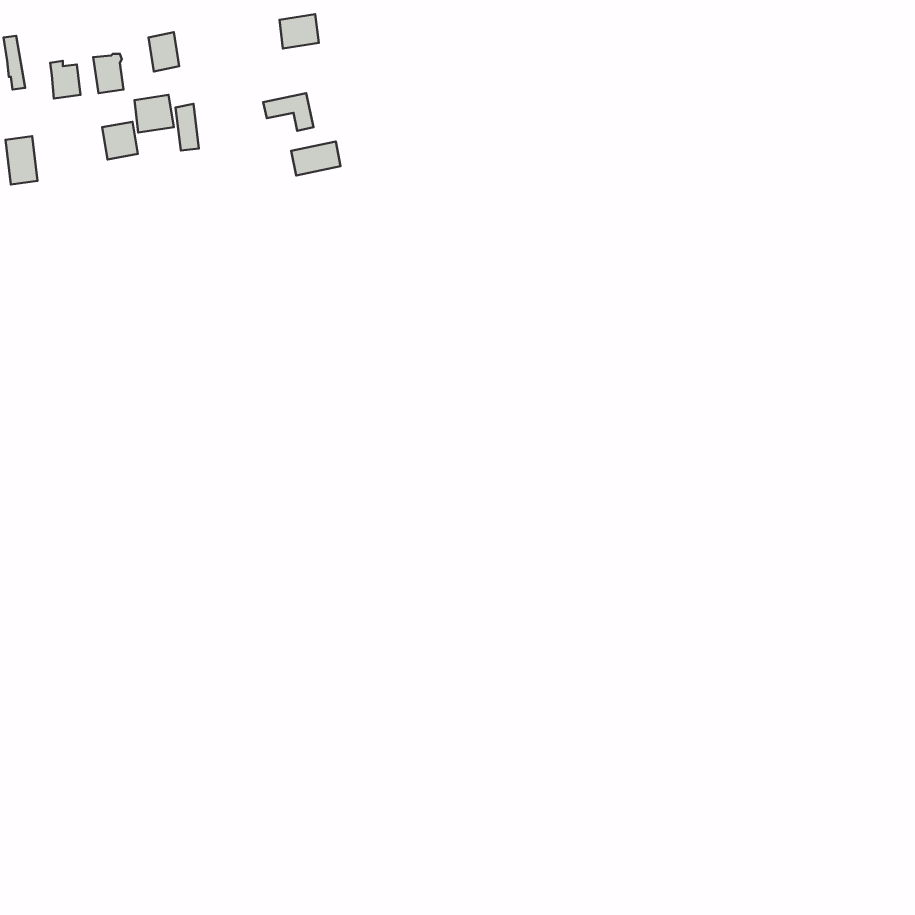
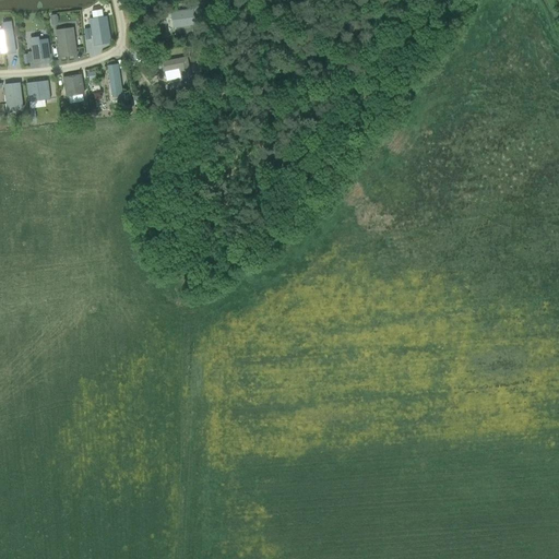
building: [134,95,174,133] -> [26,80,50,103]
building: [291,141,341,175] -> none

